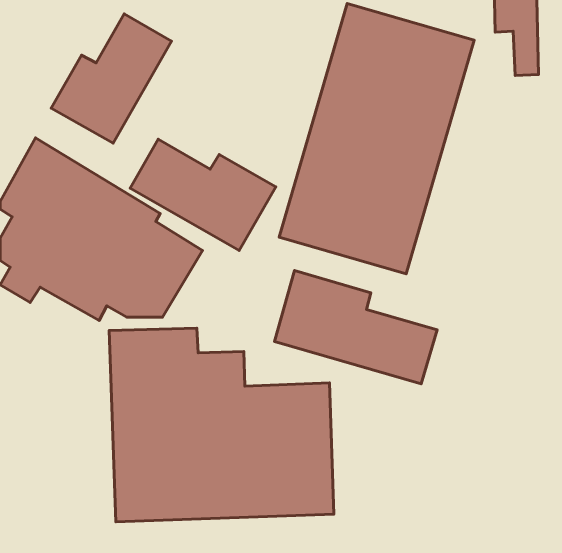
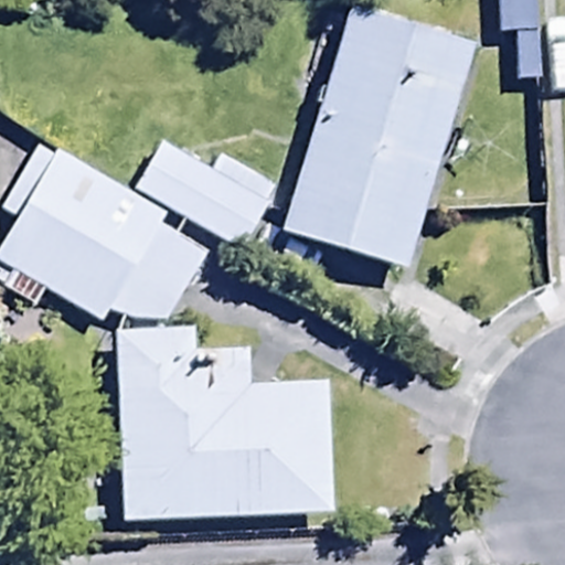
building: [51,14,171,143] -> none
building: [275,271,437,384] -> none

